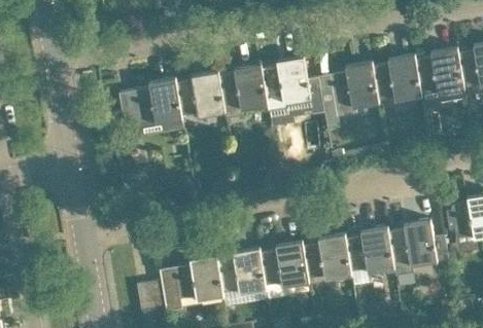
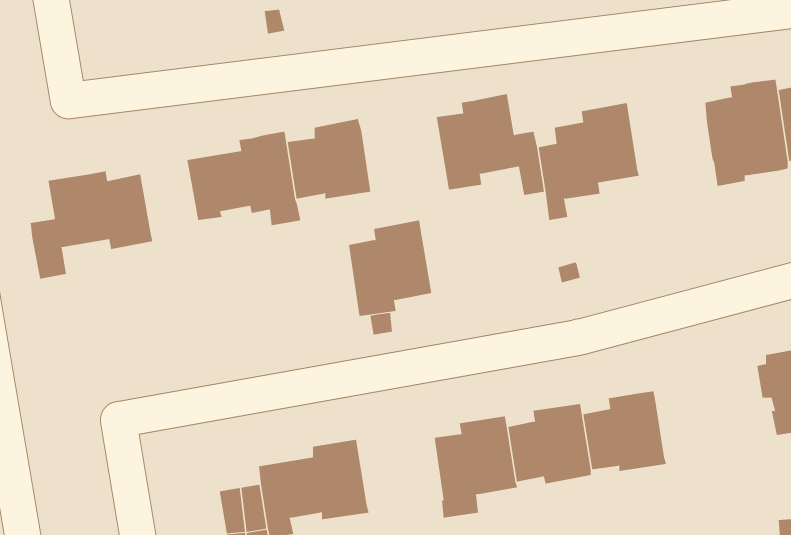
building: [373,54,421,101] -> none
building: [219,63,268,118] -> [348,220,432,317]
building: none -> [30,171,153,279]
building: [388,219,448,275] -> none
building: [217,247,266,293] -> none

